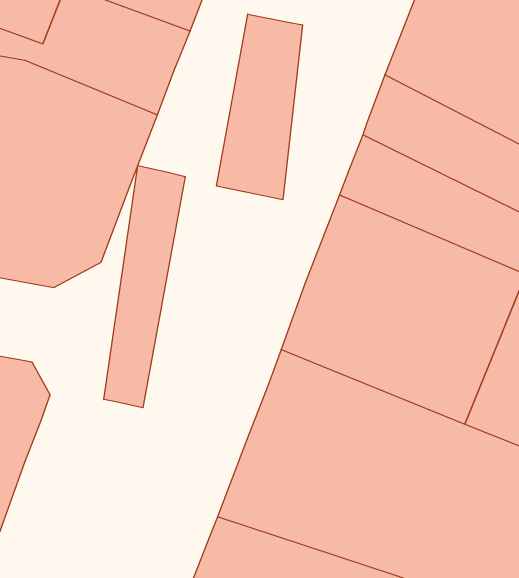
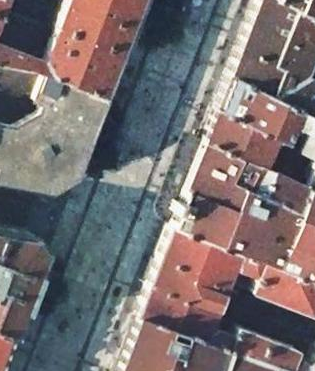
building: [216,14,302,200] -> none
building: [104,166,185,408] -> none

